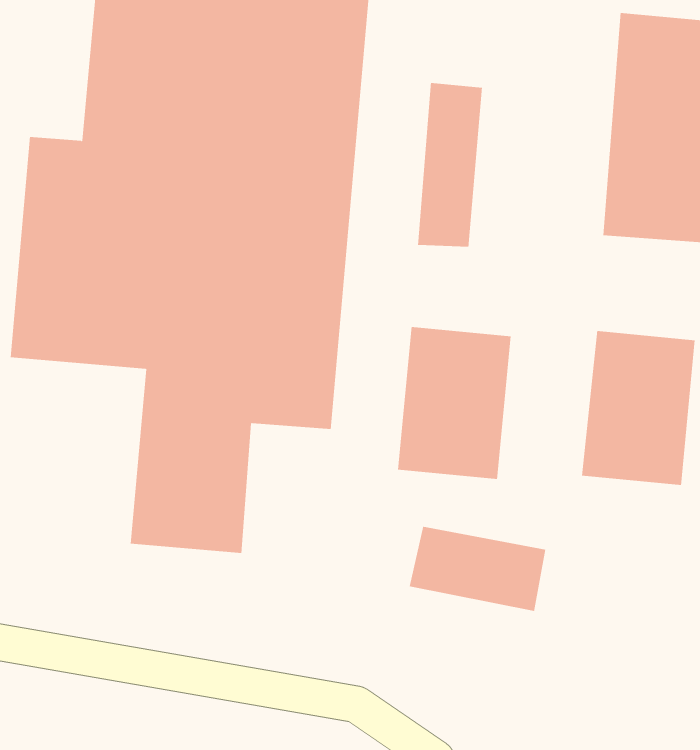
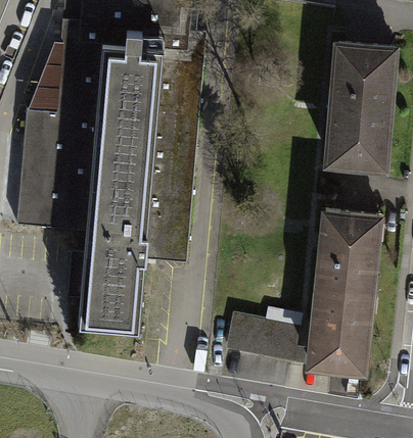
building: [418,82,482,247] -> none
building: [397,326,511,480] -> [310,288,370,369]

